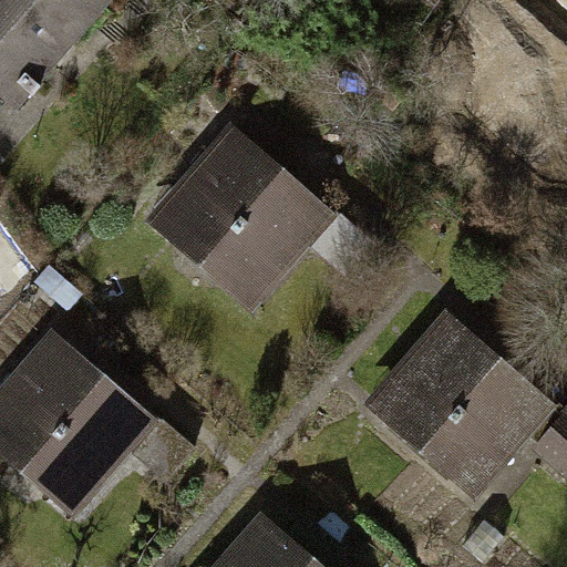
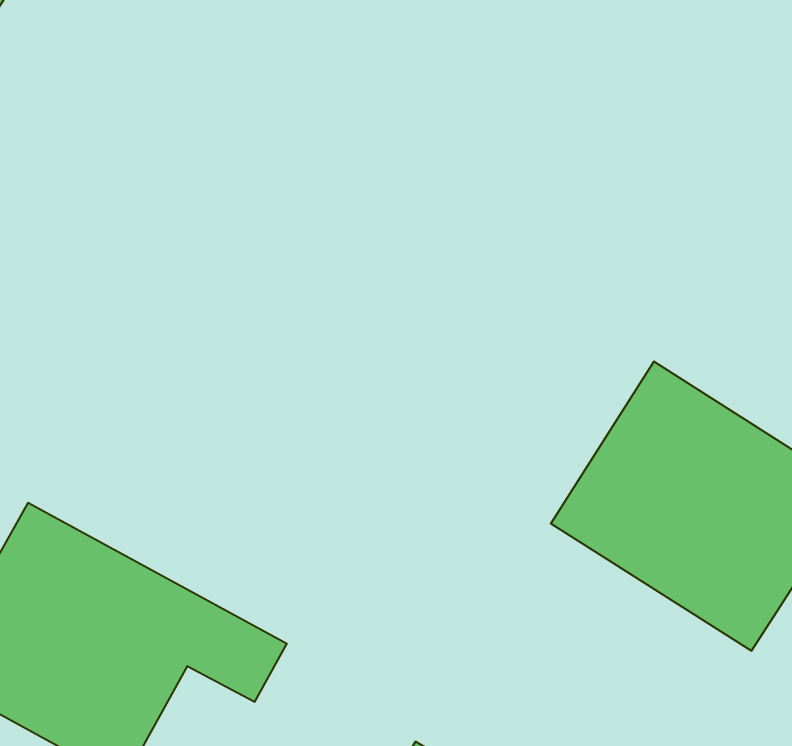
building: [151,125,331,305] -> none

